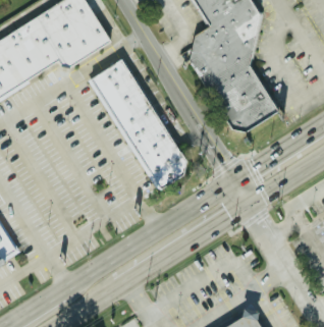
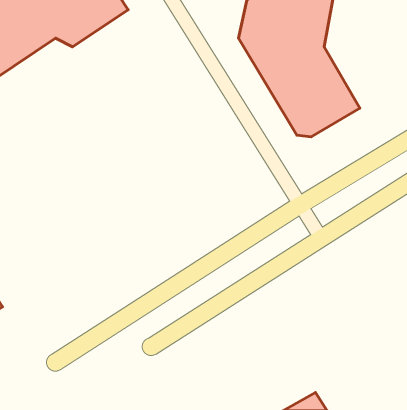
building: [94,59,195,187] -> none

